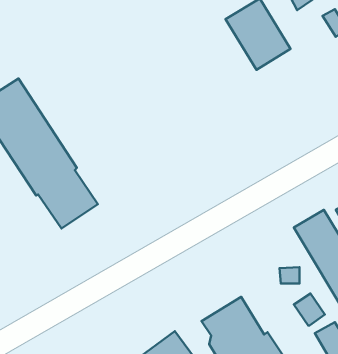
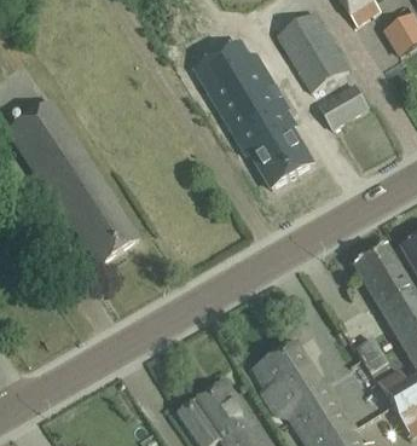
building: none -> [195,42,313,187]
building: none -> [318,85,367,128]

